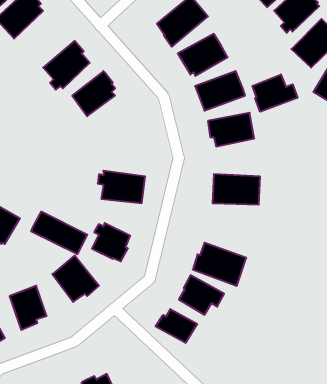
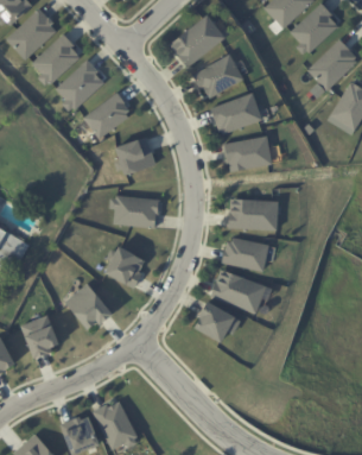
building: none -> [33,34,78,86]
building: [252,74,297,112] -> none
building: none -> [114,139,155,178]
building: [31,212,87,254] -> none
building: none -> [222,238,268,270]
building: [156,309,197,343] -> none

